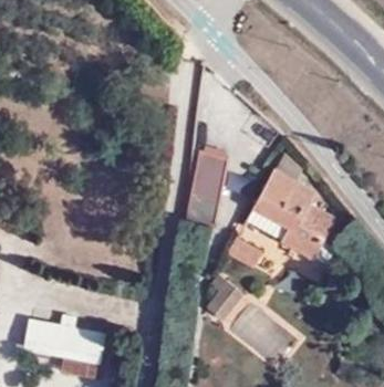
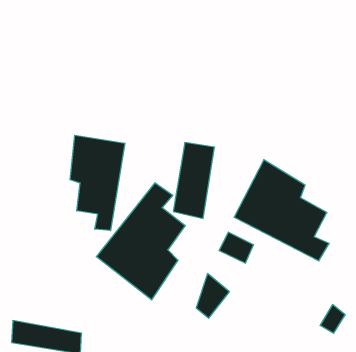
building: none -> [70,135,125,231]
building: none -> [96,183,185,300]

